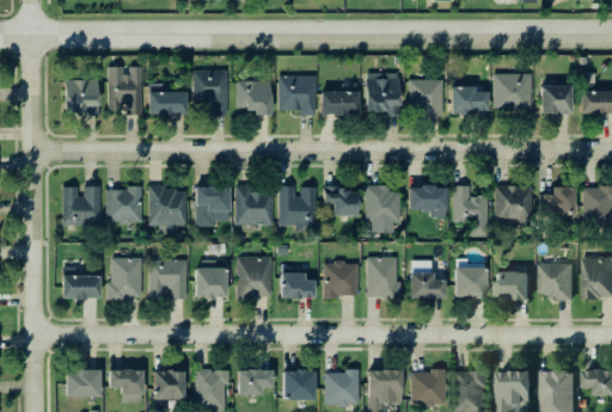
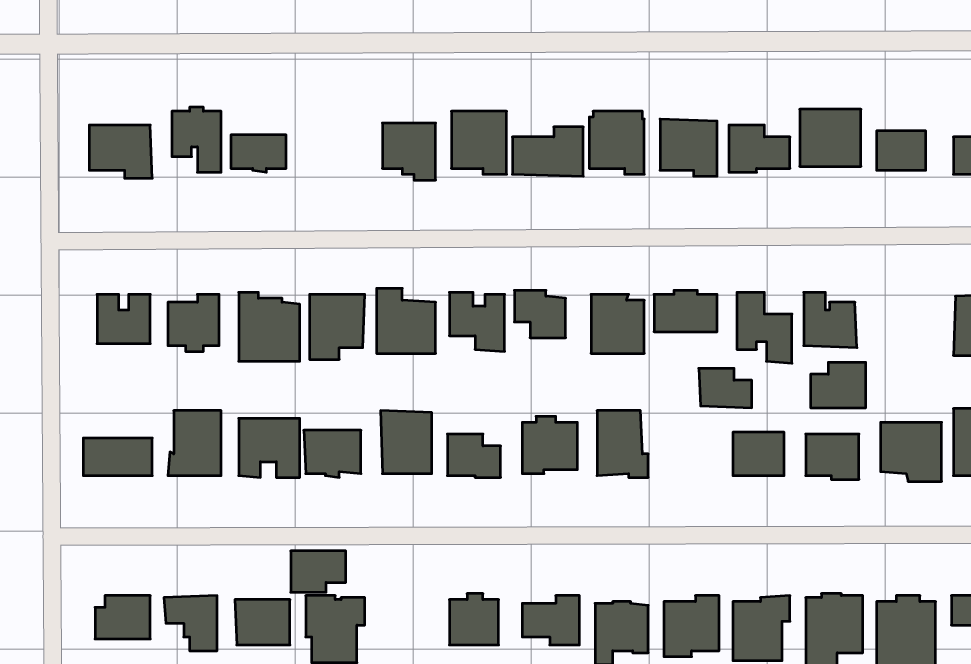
building: [194,67,225,113] -> none
building: [537,186,570,214] -> [811,362,866,408]
building: [408,272,440,296] -> [699,368,752,408]
building: [235,368,269,393] -> [291,551,346,592]

